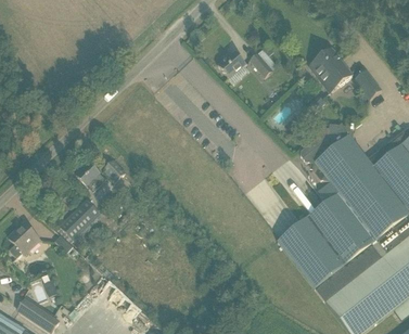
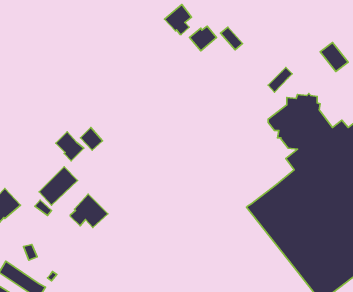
building: none -> [165,5,192,34]
building: [309,47,352,91] -> none
building: none -> [70,194,108,227]

